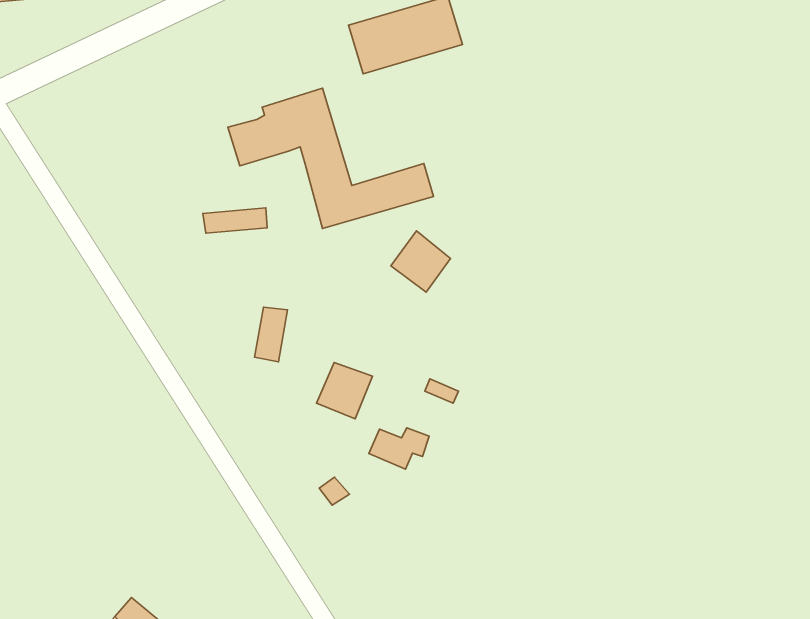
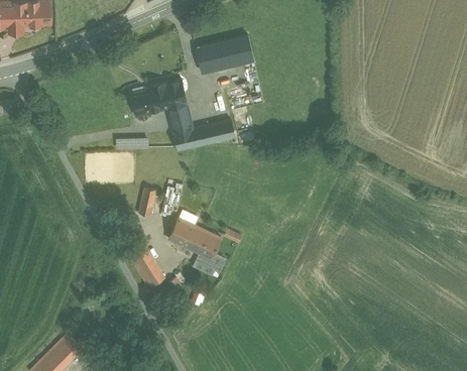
building: [391,231,450,292] -> none
building: none -> [188,227,221,259]
building: none -> [127,244,164,288]

